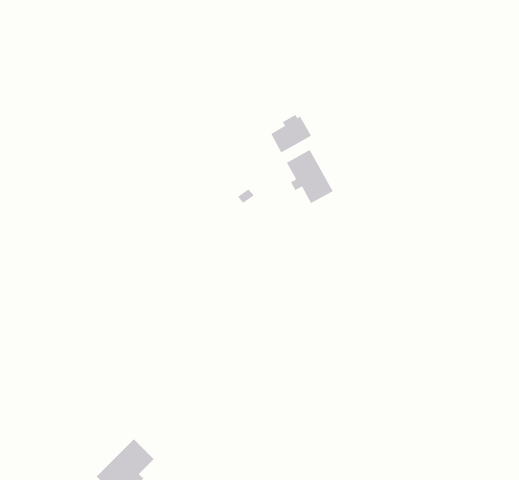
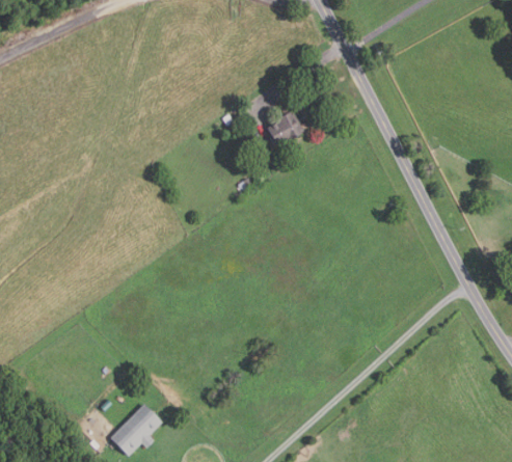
building: [286,149,333,204] -> none

